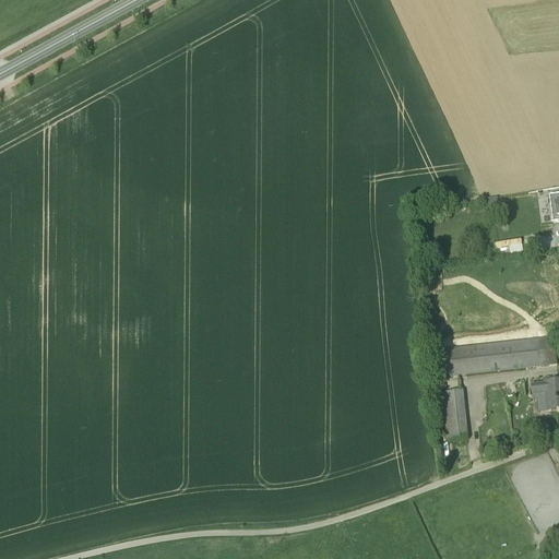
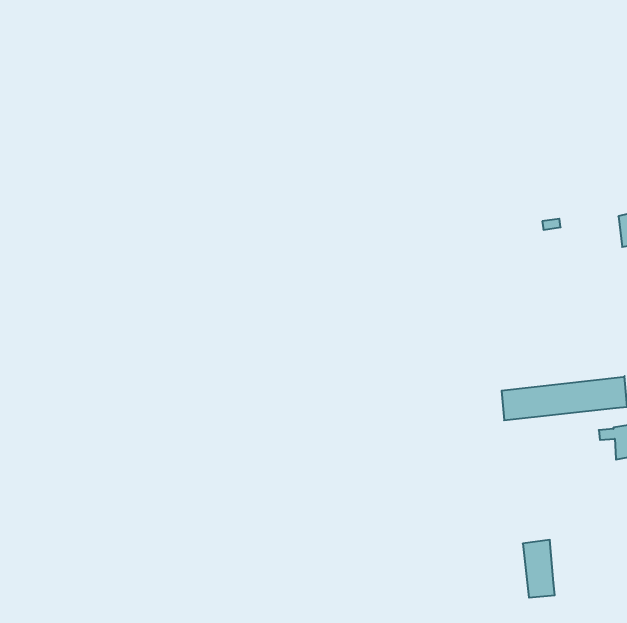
building: [440,388,468,439] -> [523,540,555,598]

